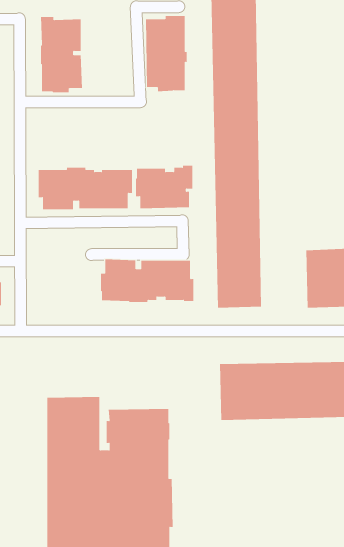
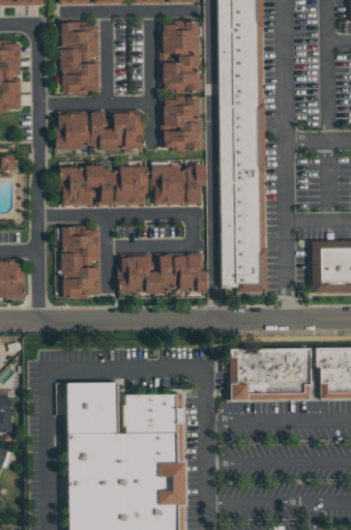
building: none -> [160,96,201,152]
building: none -> [54,111,144,151]
building: none -> [60,227,100,299]

